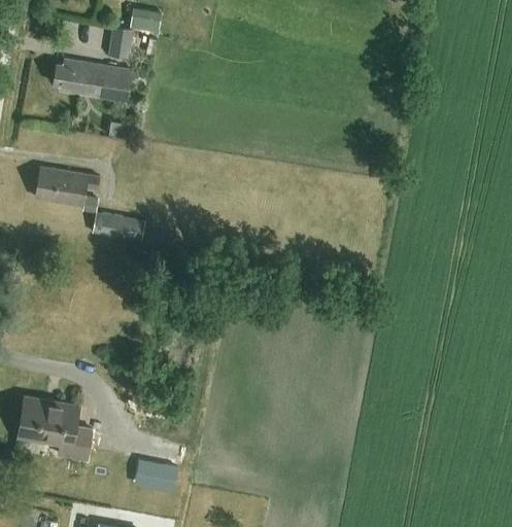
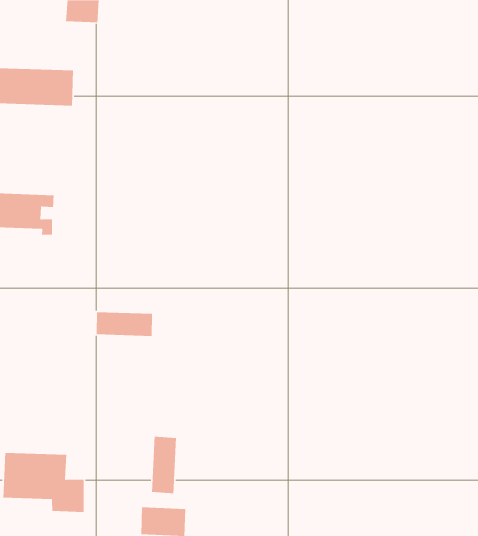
building: [109,27,132,59] -> none
building: [93,212,145,241] -> [96,311,153,337]
building: none -> [151,436,177,494]

